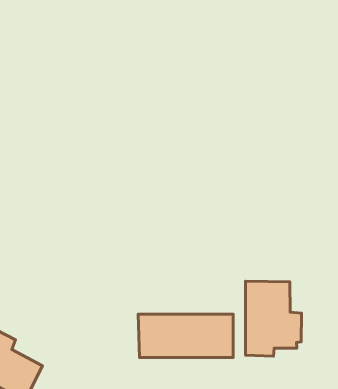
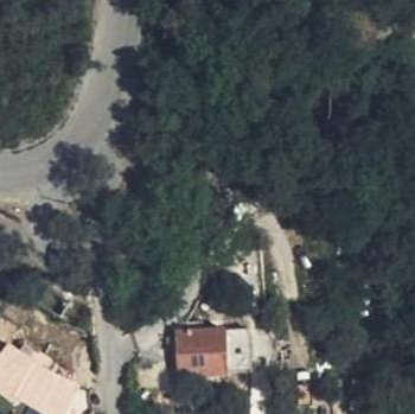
building: [246,281,301,356] -> none

